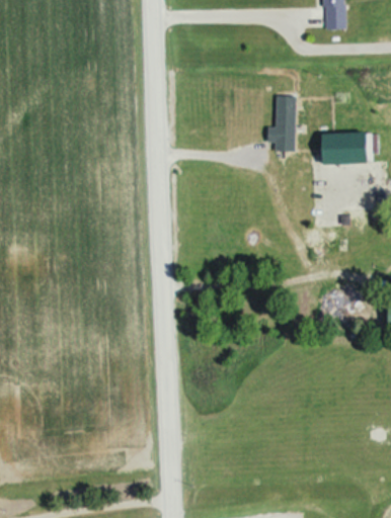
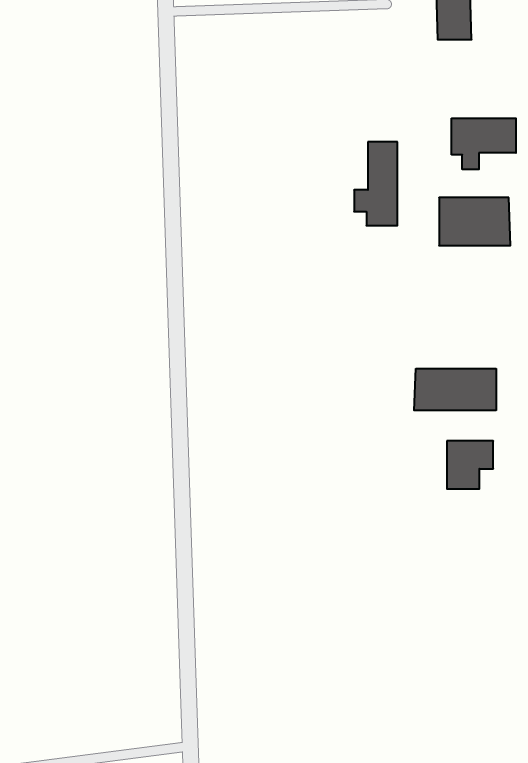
building: none -> [452,118,516,169]
building: none -> [414,369,496,410]

